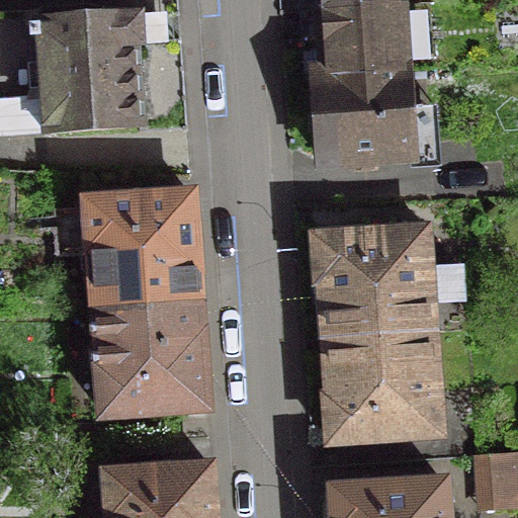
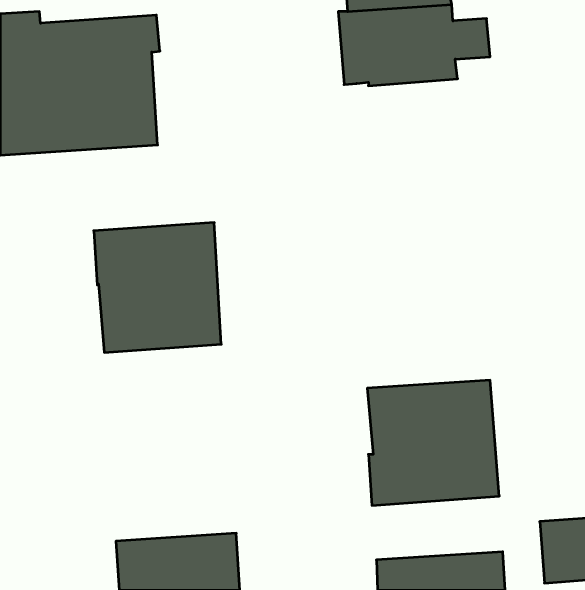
building: [318,69,412,163] -> none
building: [317,218,463,339] -> none
building: [97,300,208,414] -> none

